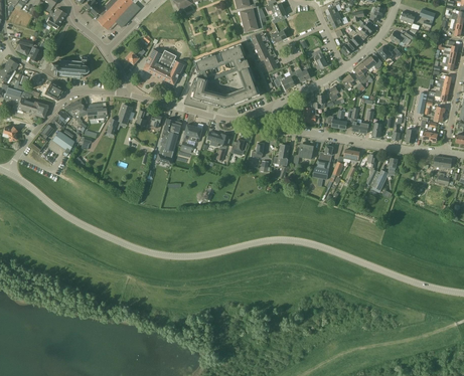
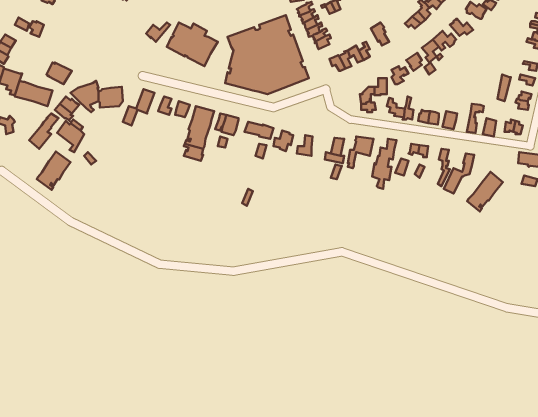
building: [51,56,89,78] -> none
building: none -> [37,152,70,190]
building: none -> [467,172,503,211]

